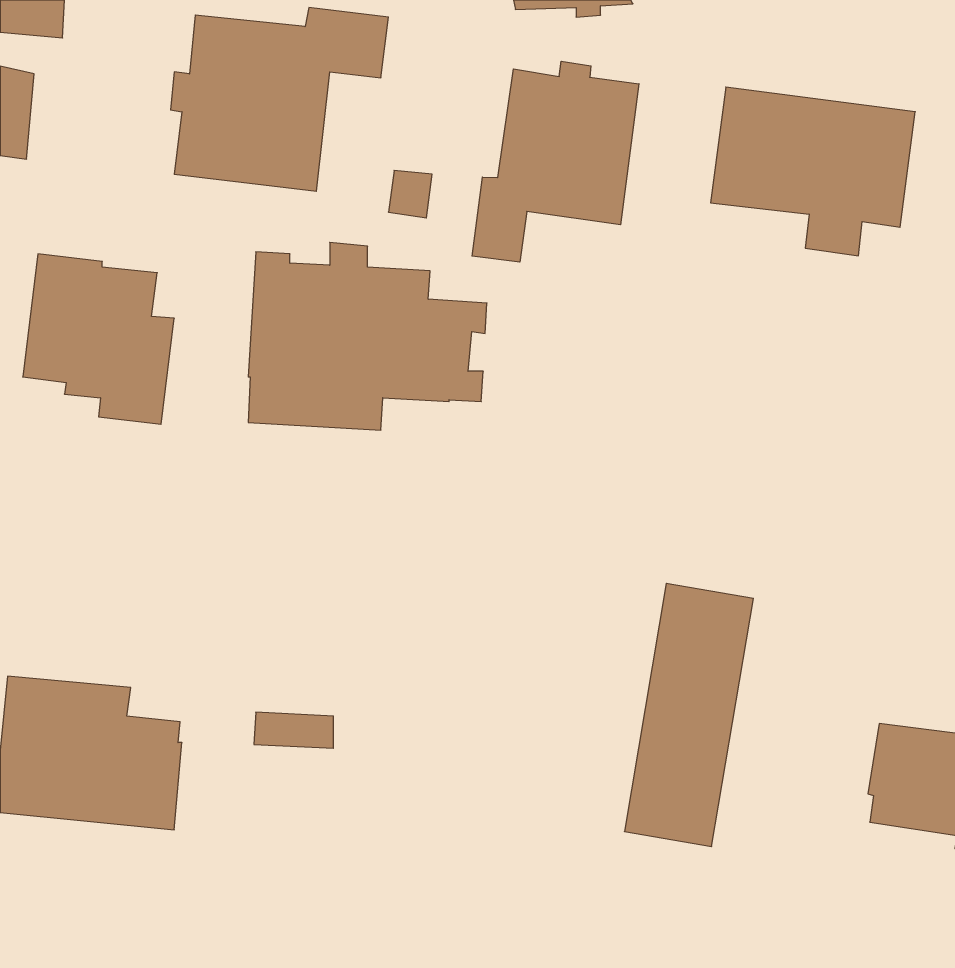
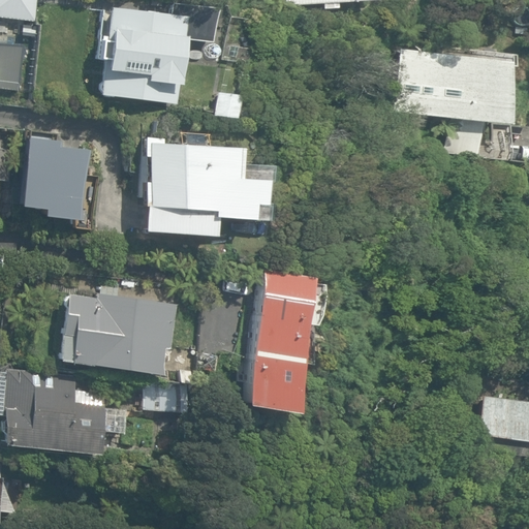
building: [472,61,639,262] -> none
building: none -> [60,286,178,374]
building: [624,583,753,847] -> [241,269,311,412]

